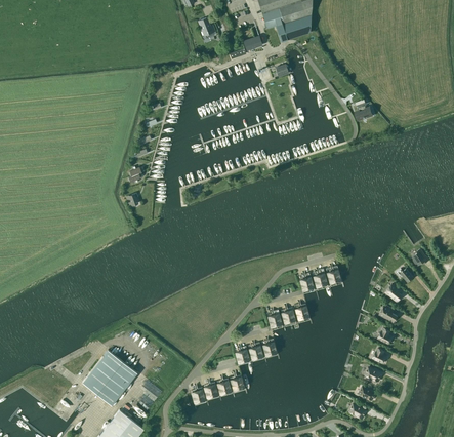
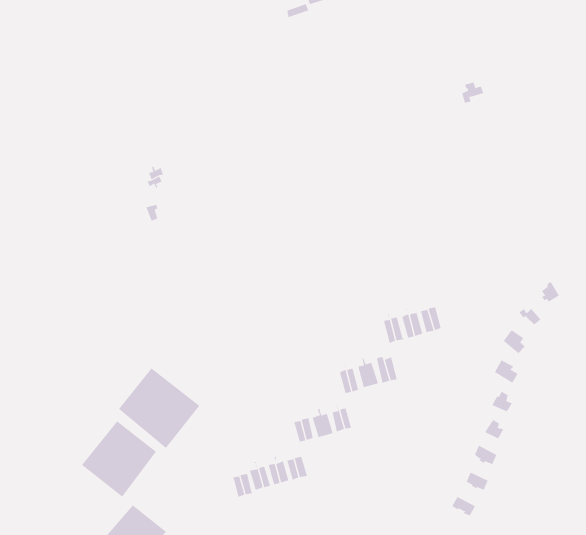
building: none -> [118,368,200,449]

